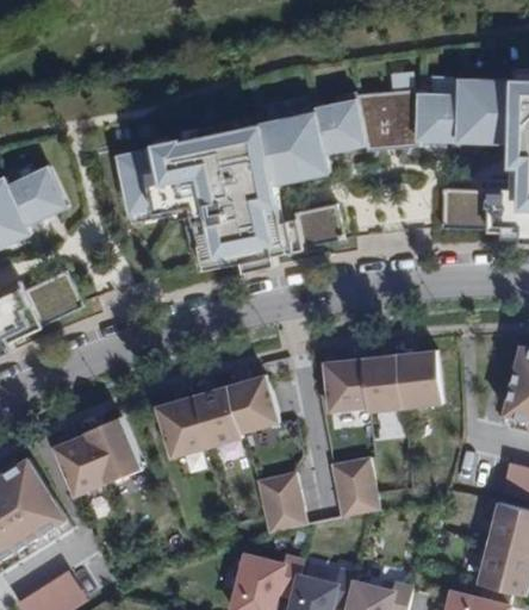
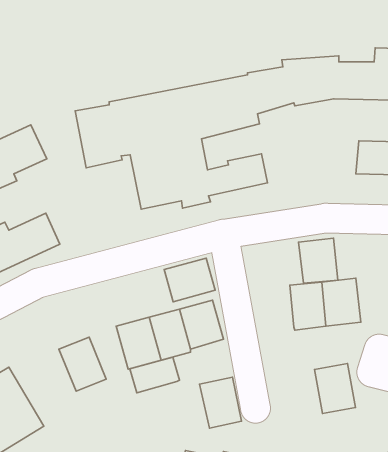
building: none -> [164,258,215,302]
building: [320,359,367,412] -> [299,238,338,283]
building: [55,435,108,498] -> none
building: none -> [130,357,179,393]
building: [332,454,381,513] -> [314,364,356,414]

